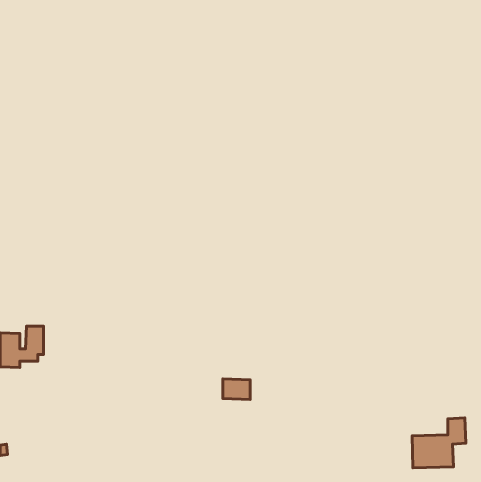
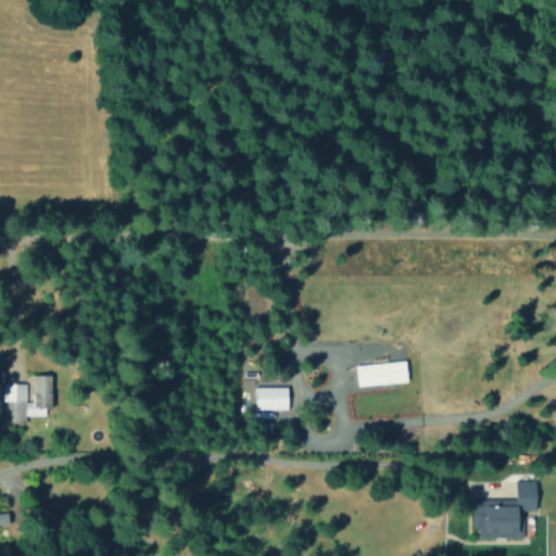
building: none -> [356,363,408,386]
building: [223,379,250,400] -> [256,387,288,410]

